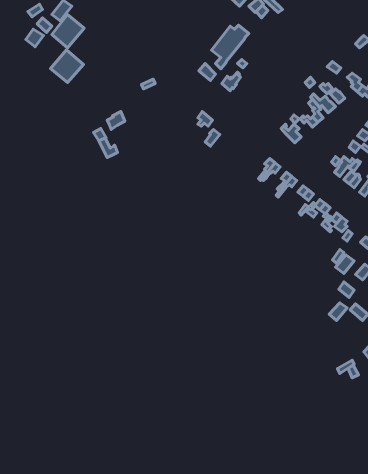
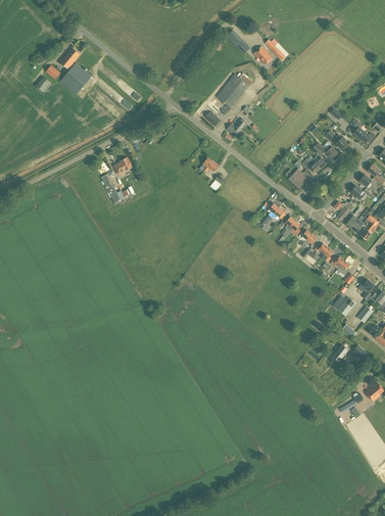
building: [51,50,84,82] -> none

